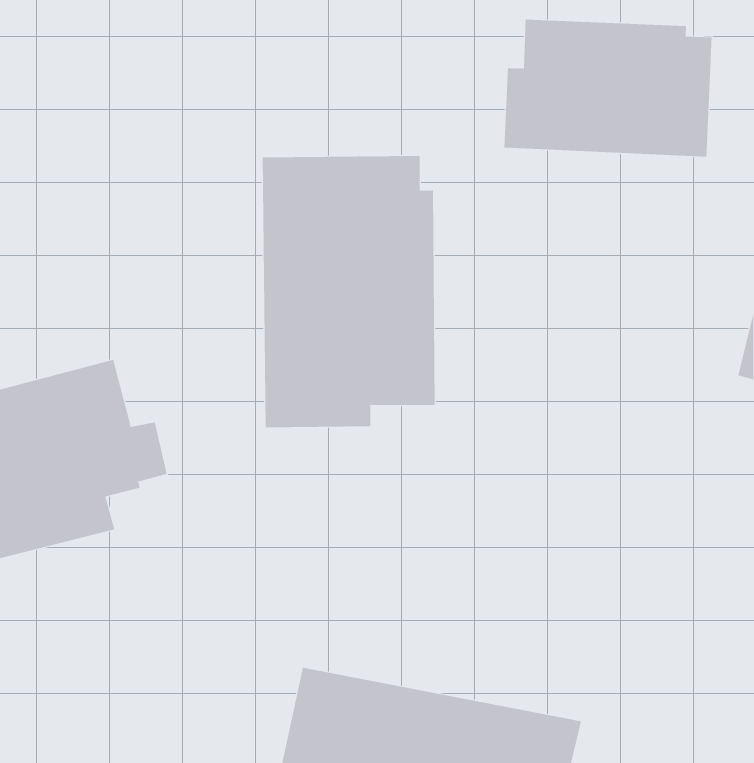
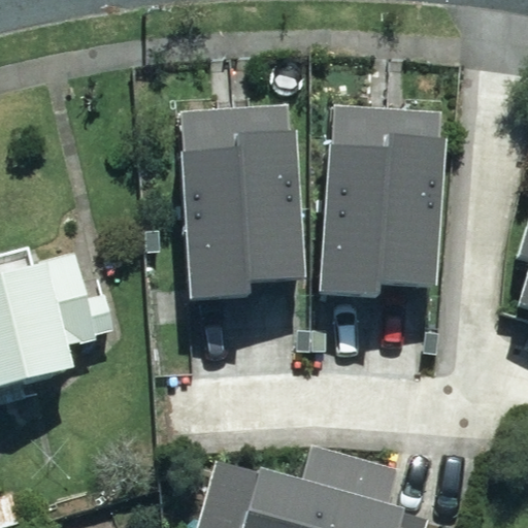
building: [504,19,712,157] -> none
building: none -> [324,107,447,293]

